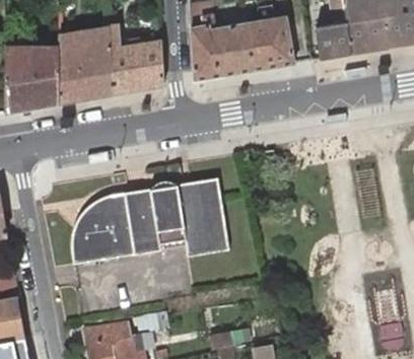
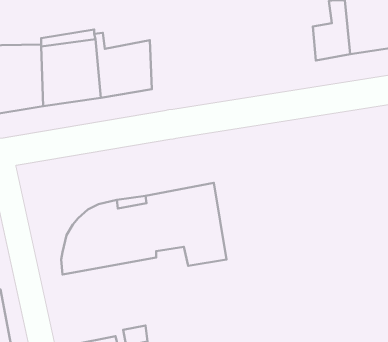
building: [190,16,291,80] -> none

